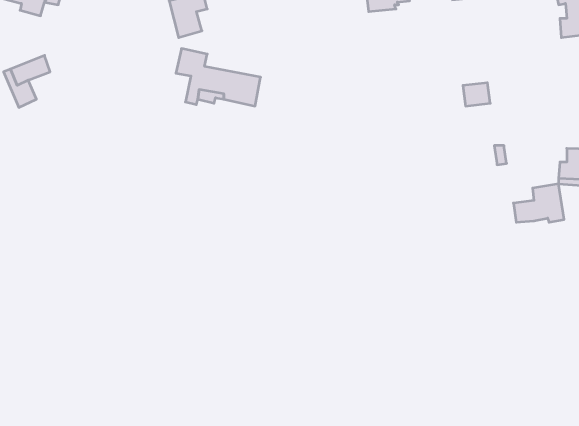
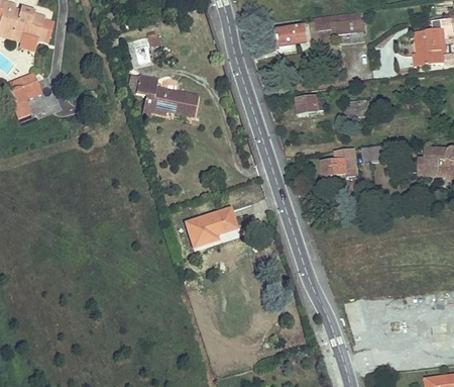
building: none -> [296,96,325,113]
building: [513,184,564,222] -> [321,148,358,176]
building: none -> [186,208,236,247]

